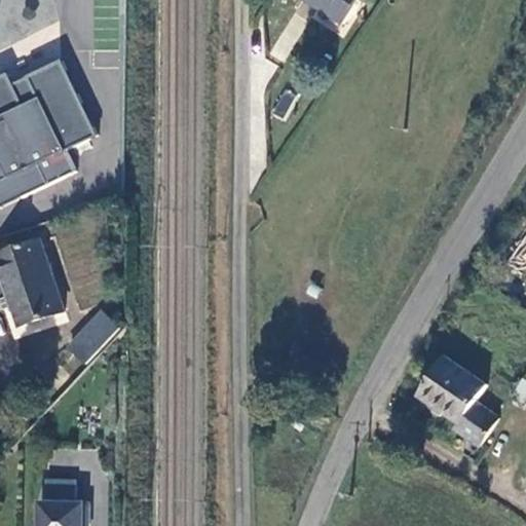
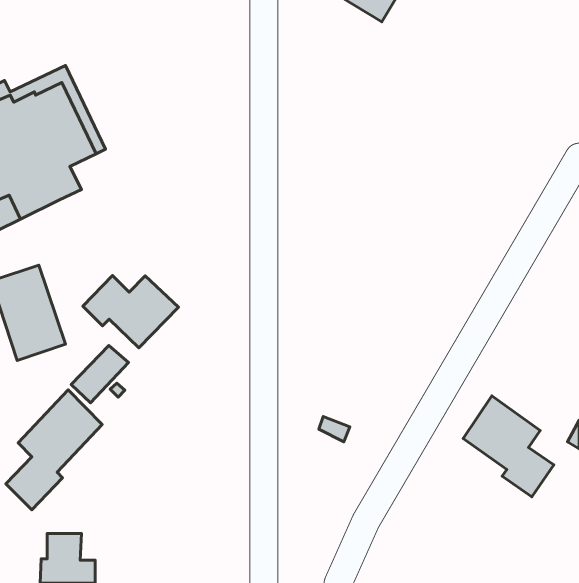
building: none -> [83,275,179,348]
building: none -> [6,390,102,510]

